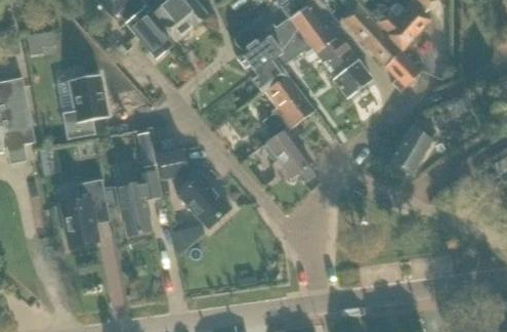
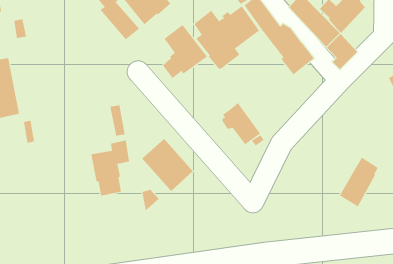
building: [61,73,110,138] -> none
building: [263,74,315,136] -> [162,24,208,79]
building: [390,118,435,175] -> [339,157,379,207]
building: [158,149,188,179] -> none
building: [60,179,108,247] -> none

